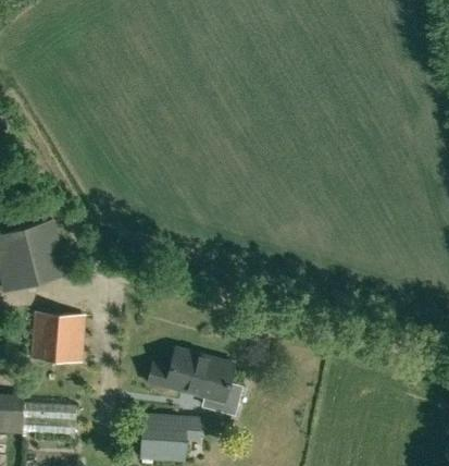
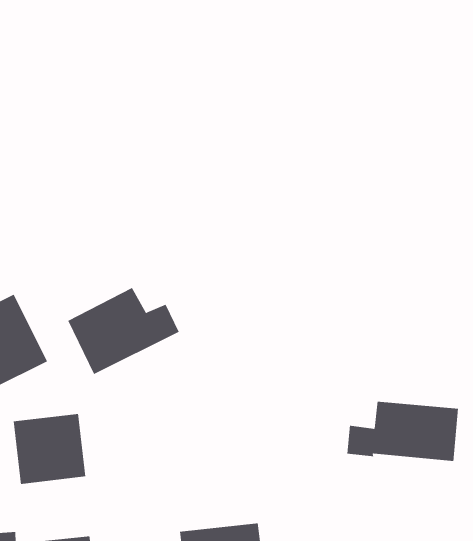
building: none -> [67,287,179,375]
building: [146,348,233,402] -> [347,401,459,462]

